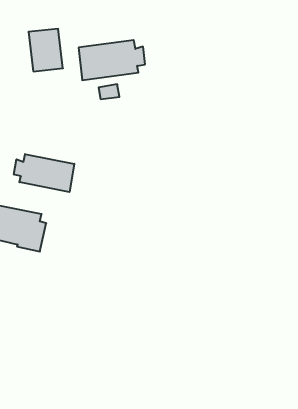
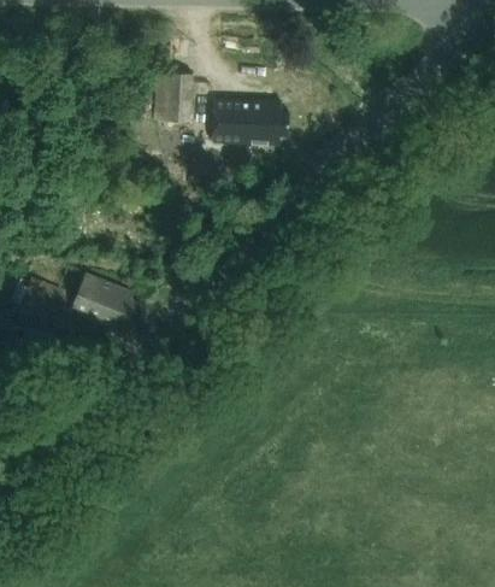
building: [14,154,74,192] -> none

